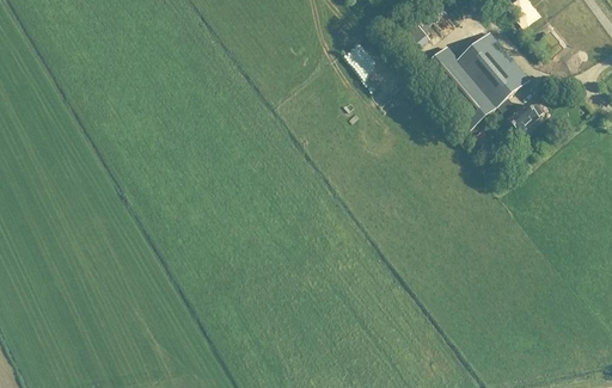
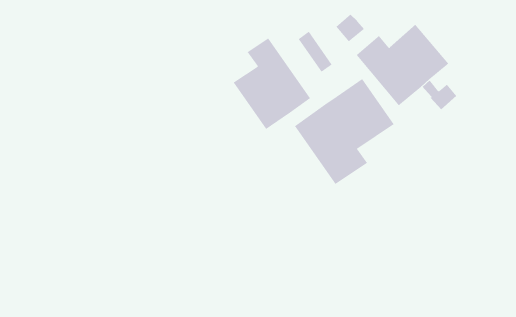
building: none -> [233,38,311,130]
building: none -> [294,78,394,185]

